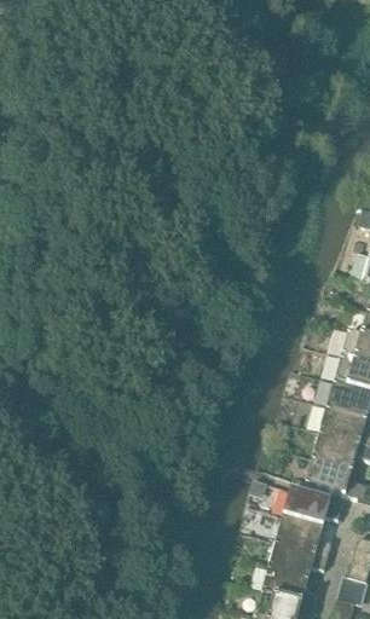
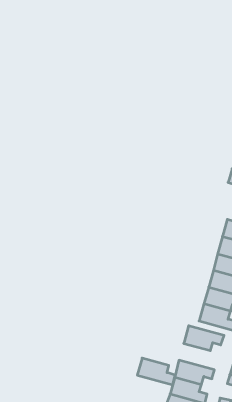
building: [274,516,331,556] -> [137,358,175,385]

